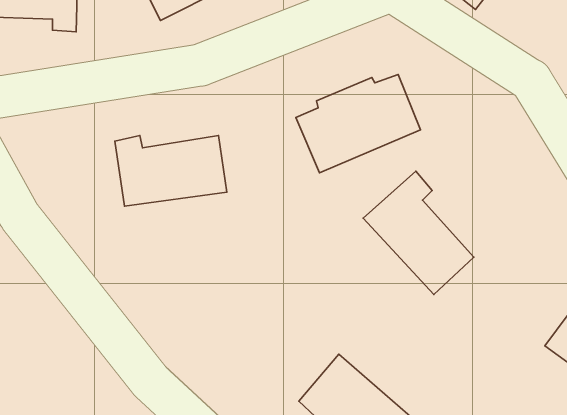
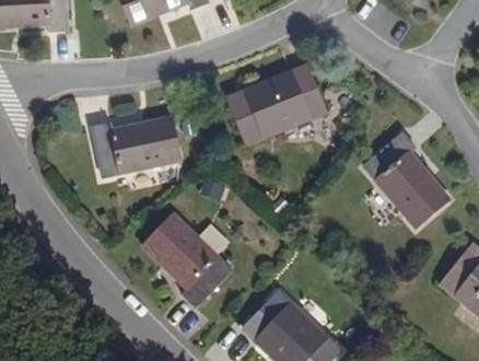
building: [363,171,474,294] -> [359,131,446,229]
building: none -> [150,207,237,302]

